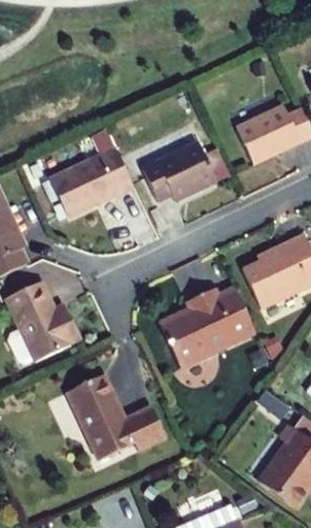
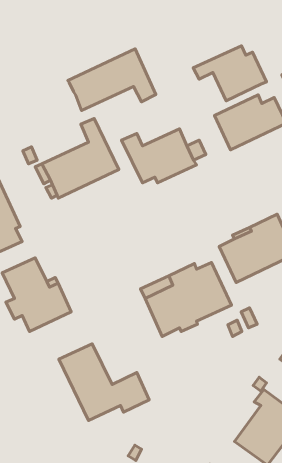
building: none -> [193,46,266,101]
building: none -> [68,49,156,111]

